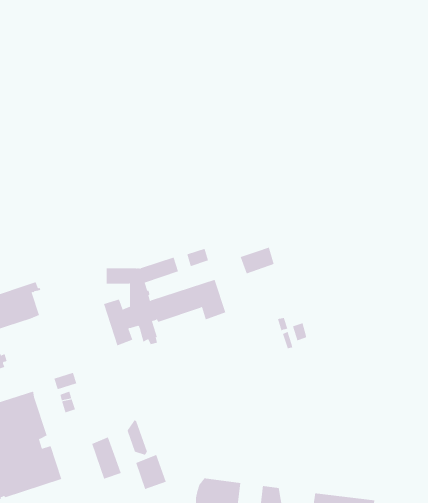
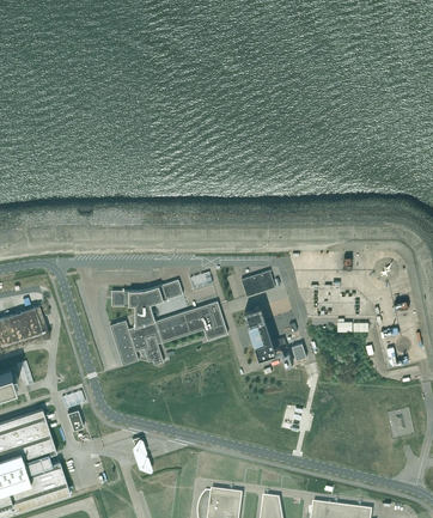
building: none -> [243,309,269,359]
building: [91,436,122,479] -> none
building: [135,454,167,490] -> none

